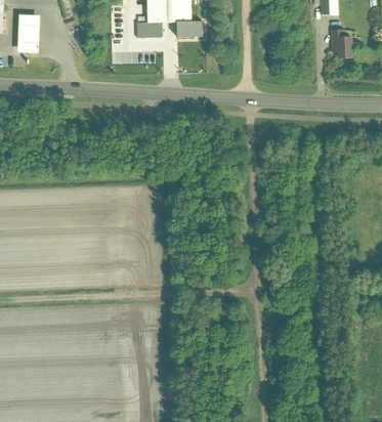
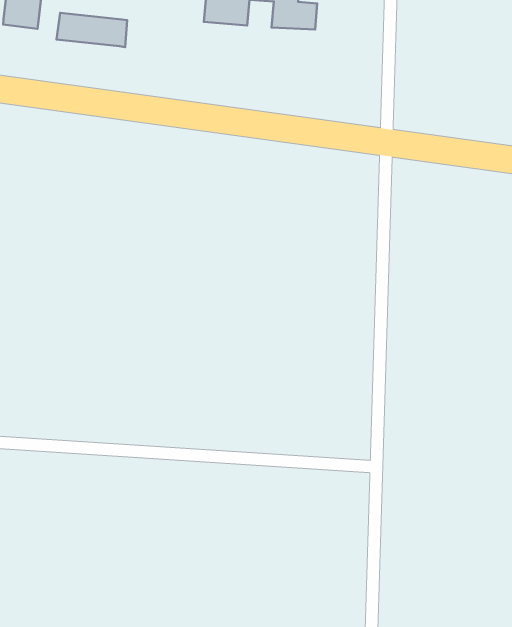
building: none -> [56,13,127,47]

